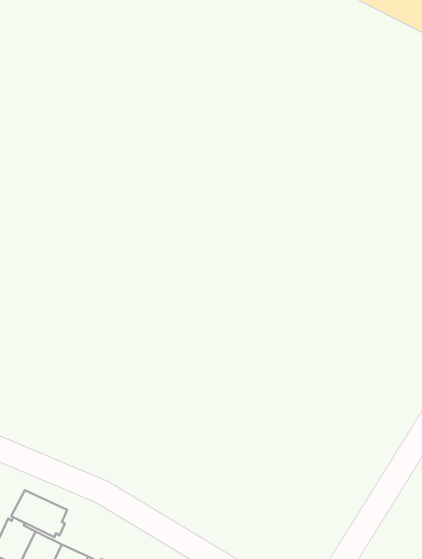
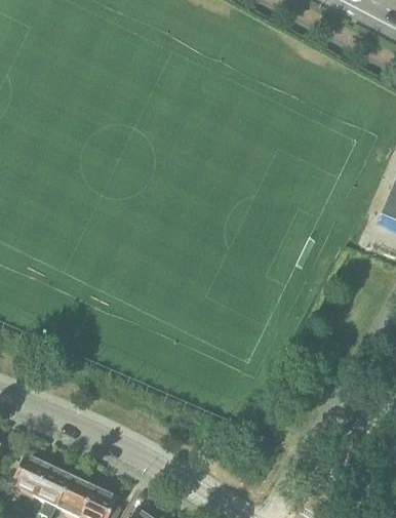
building: [11,490,67,537] -> none

